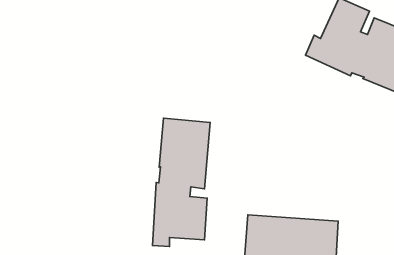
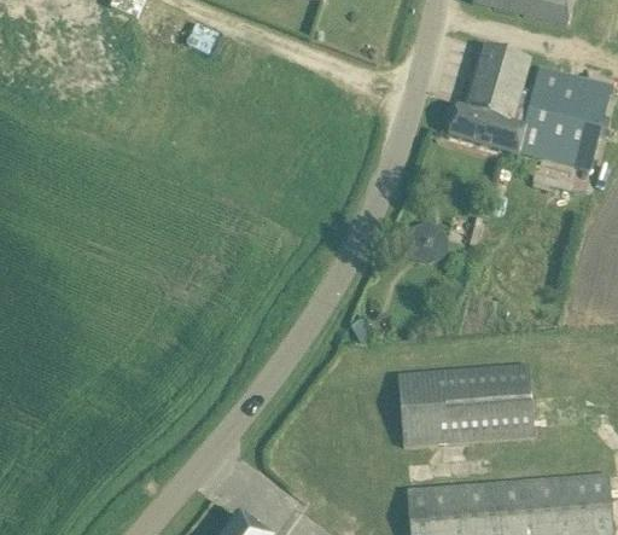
building: [153,118,210,247] -> none

